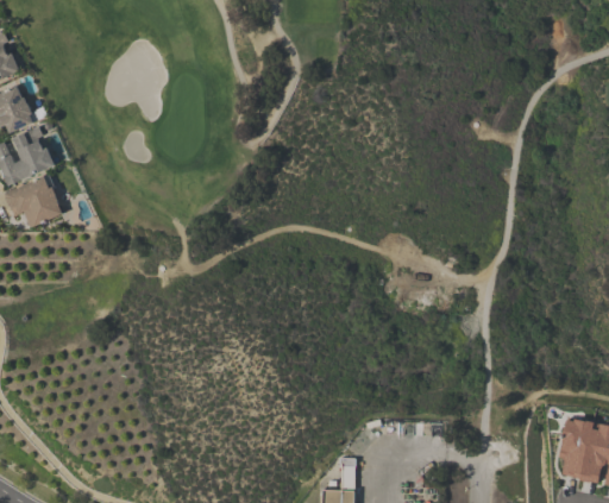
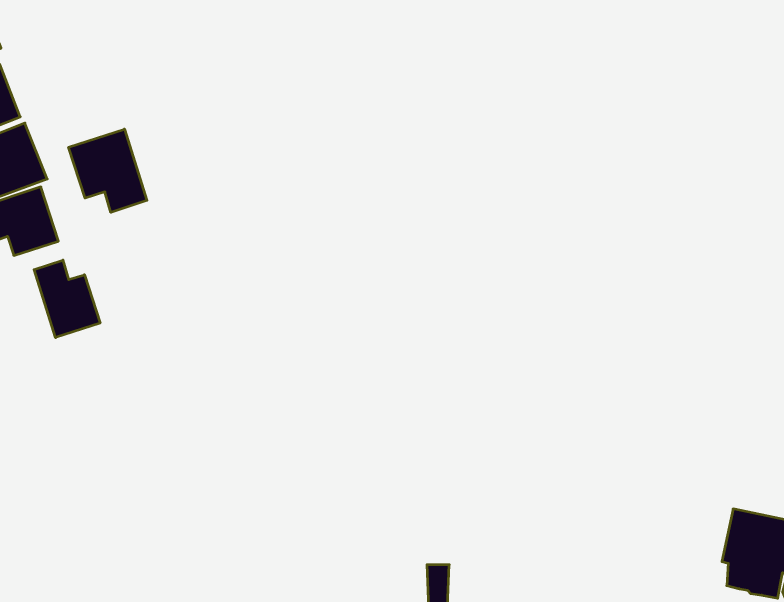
building: none -> [69,129,147,212]
building: none -> [34,260,100,338]

